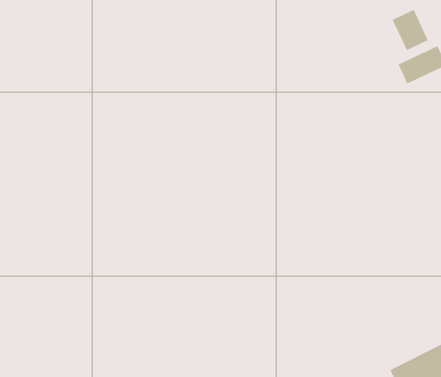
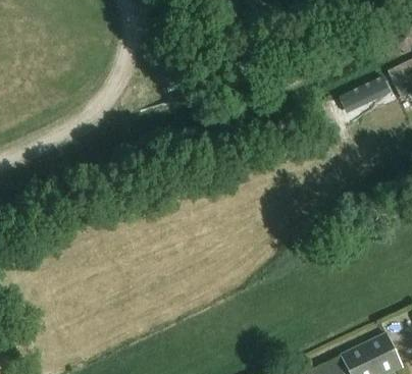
building: [392,9,429,51] -> none

